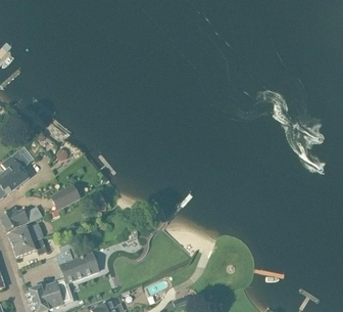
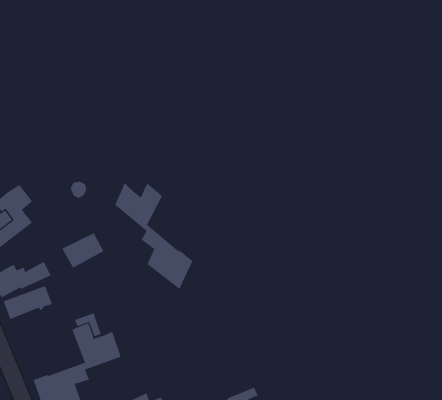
building: none -> [114,182,193,290]
building: [12,235,47,257] -> none

